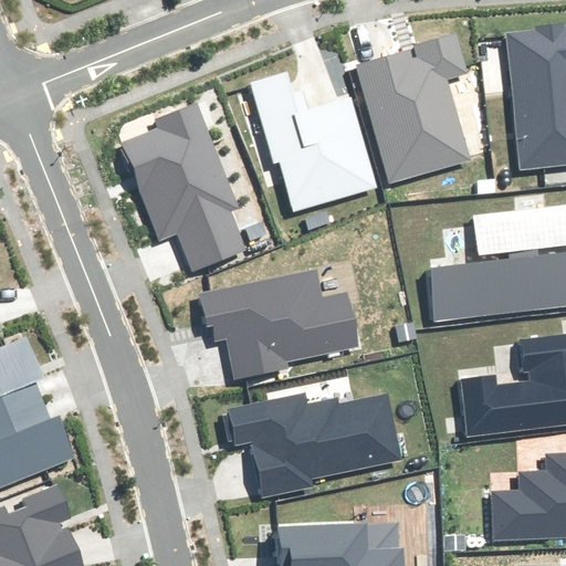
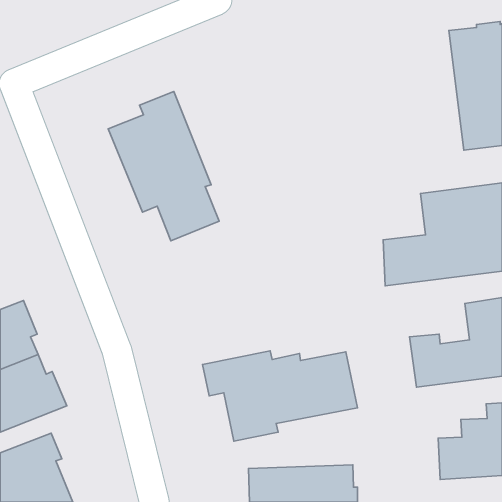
building: [356,34,469,185] -> none
building: [253,74,377,210] -> none
building: [201,271,358,377] -> none

